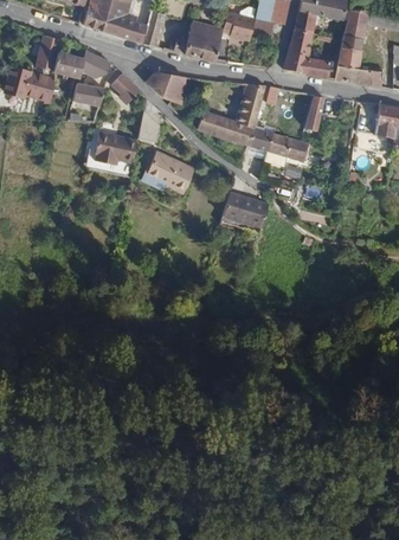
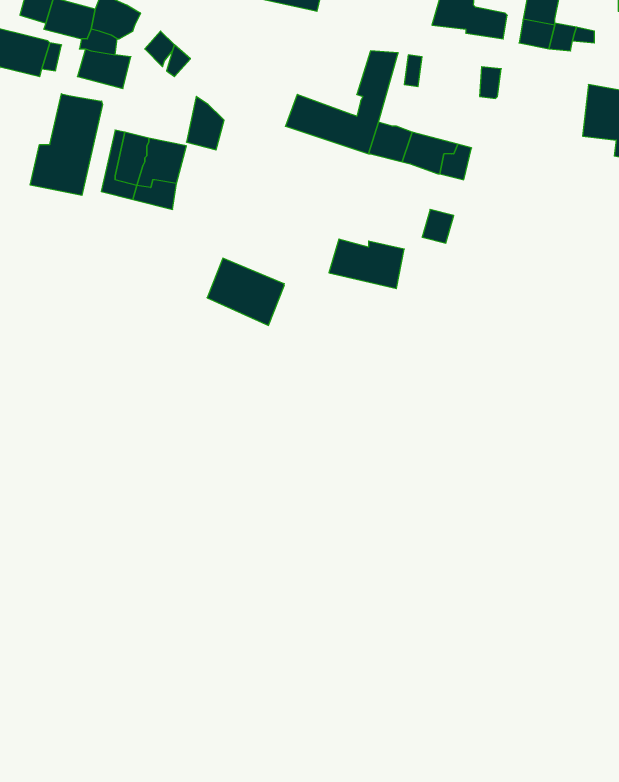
building: [144,70,182,103] -> none
building: none -> [30,94,103,195]
building: [146,153,192,193] -> [207,258,284,325]

